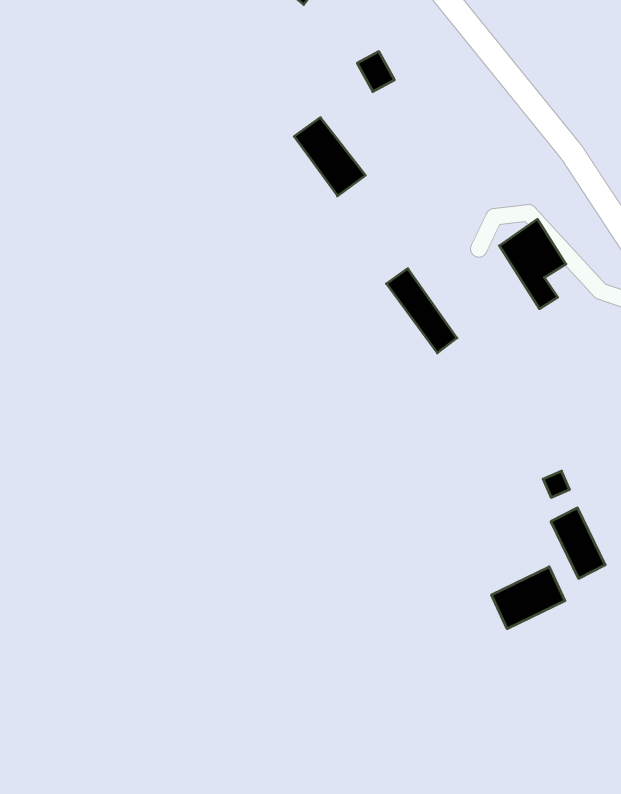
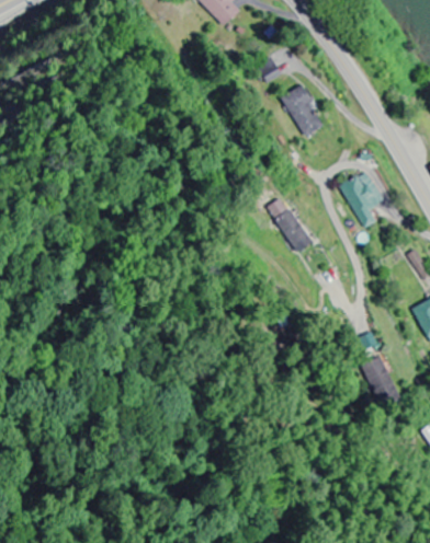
building: [294,118,365,196] -> [281,86,325,137]
building: [492,567,565,629] -> none

